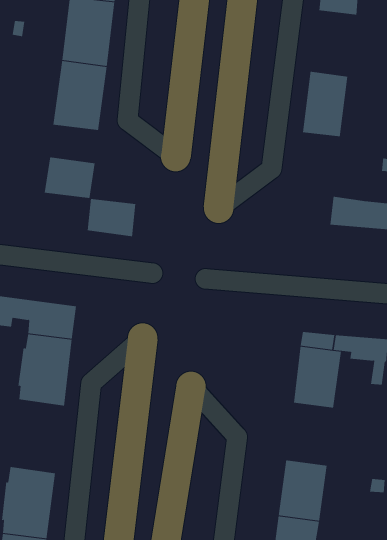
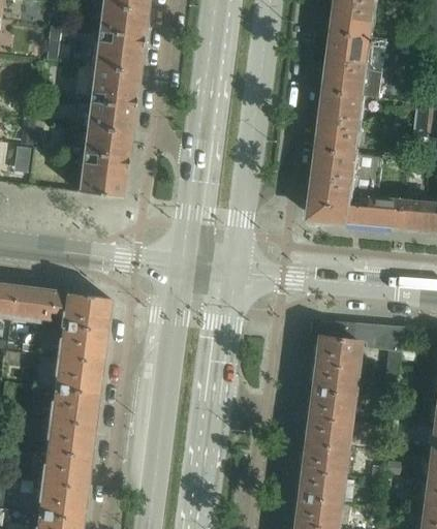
building: none -> [329,22,373,84]
building: none -> [311,136,384,223]
building: [87,198,136,237] -> [84,129,130,165]
building: none -> [46,387,98,457]
building: none -> [306,391,351,449]

